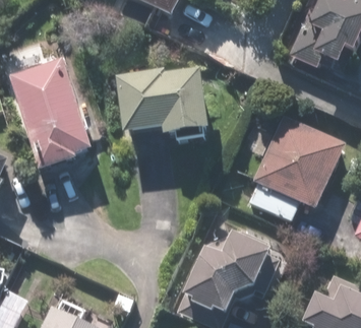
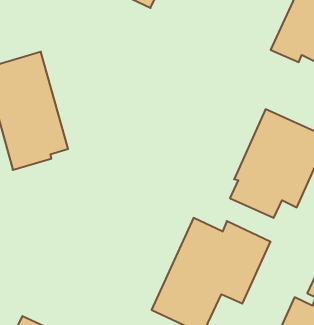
building: [115,75,204,139] -> none

